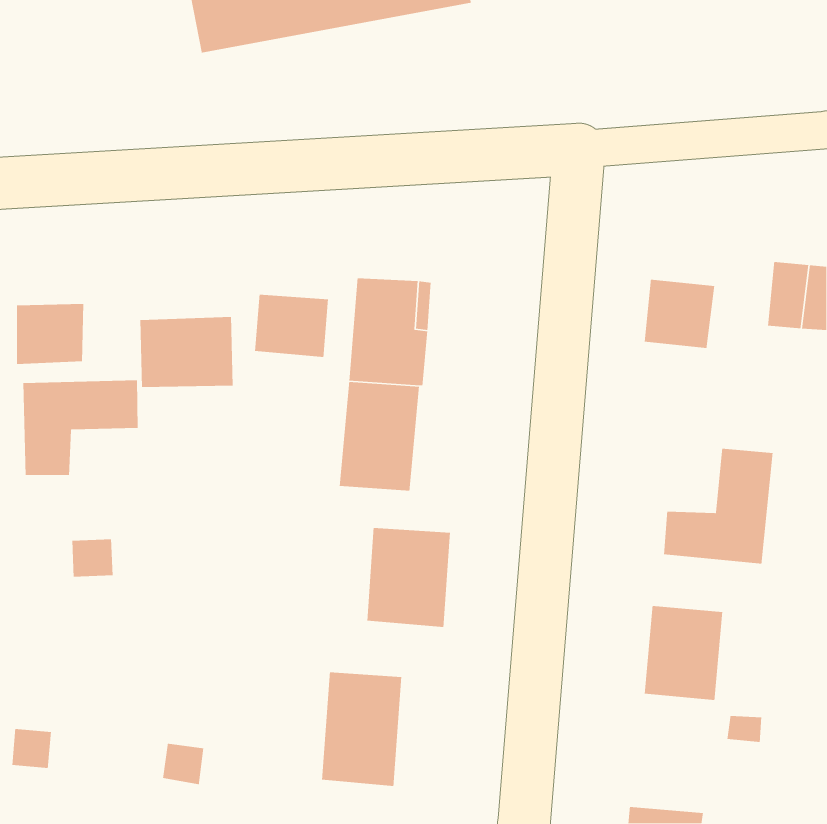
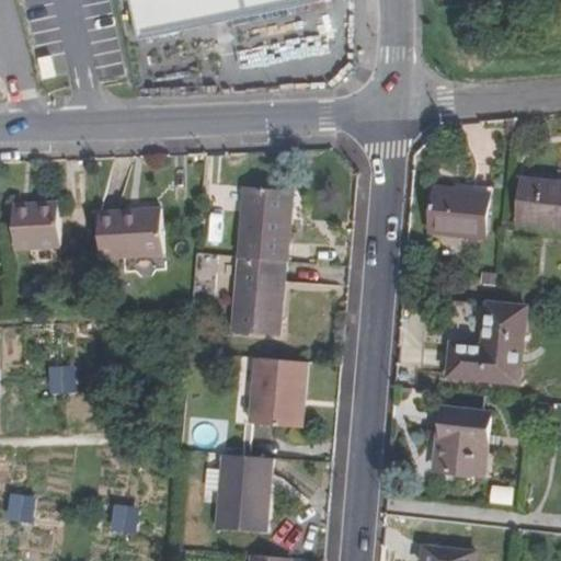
building: [254,294,329,358] -> none
building: [23,380,139,476] -> none

